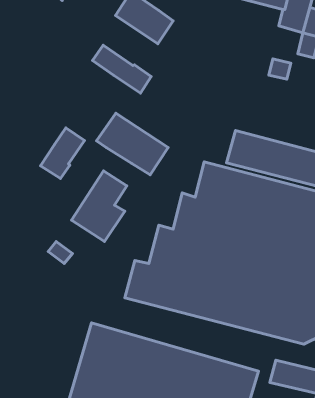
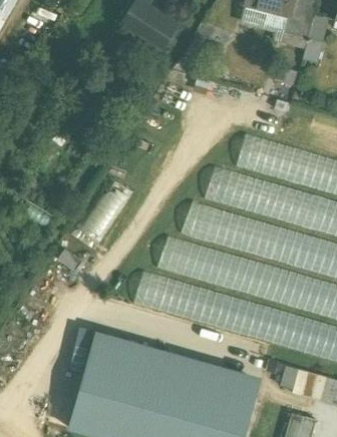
building: [92,45,151,93] -> none
building: [96,113,168,175] -> none
building: [41,128,85,179] -> none

